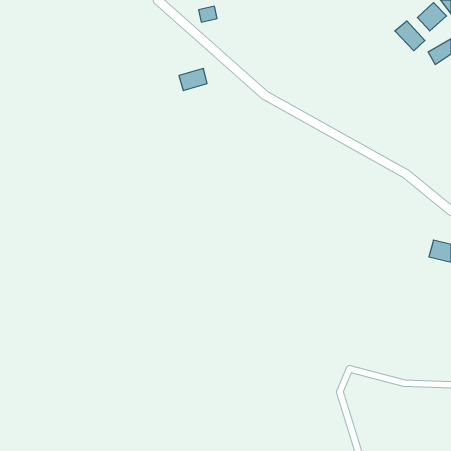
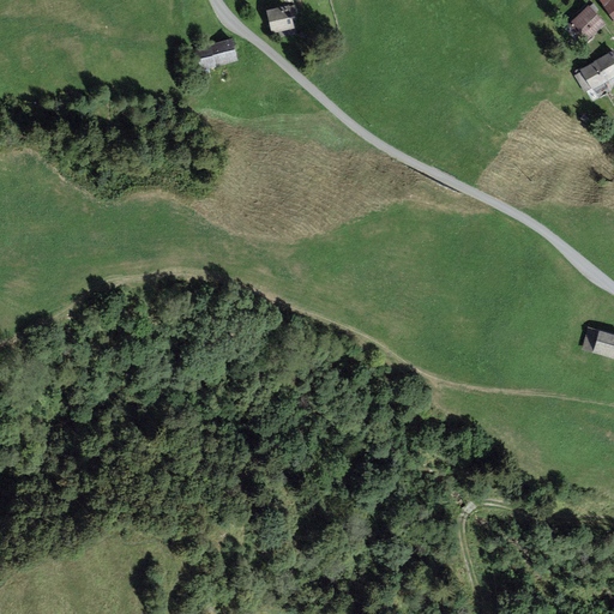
building: [395,21,425,51] -> none
building: [179,69,207,91] -> [194,41,233,71]

